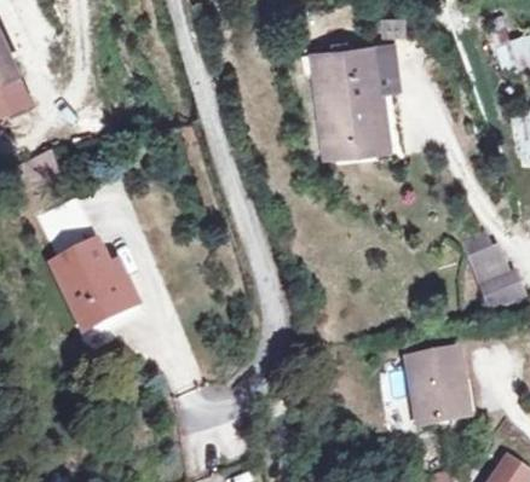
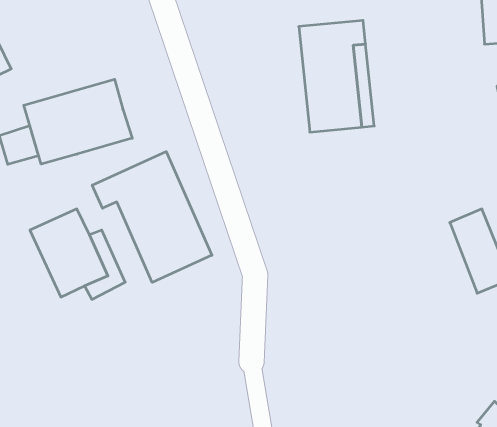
building: none -> [24,79,132,164]
building: none -> [92,152,212,282]
building: [407,352,468,424] -> none

